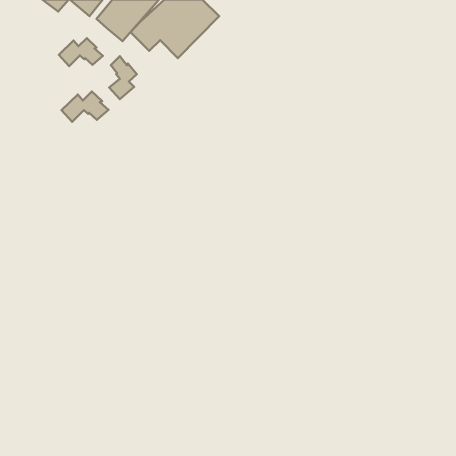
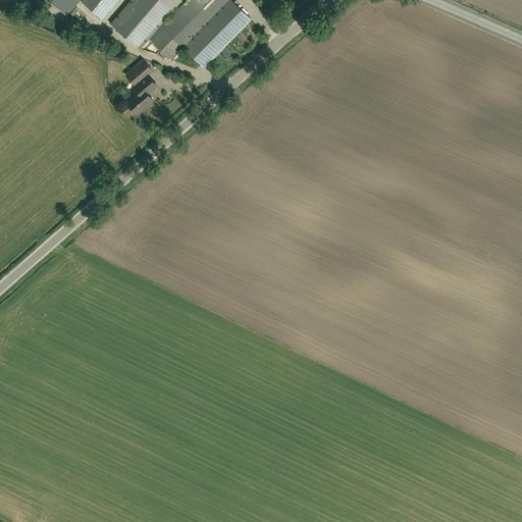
building: [59,38,103,66] -> none
building: [62,91,108,122] -> none

